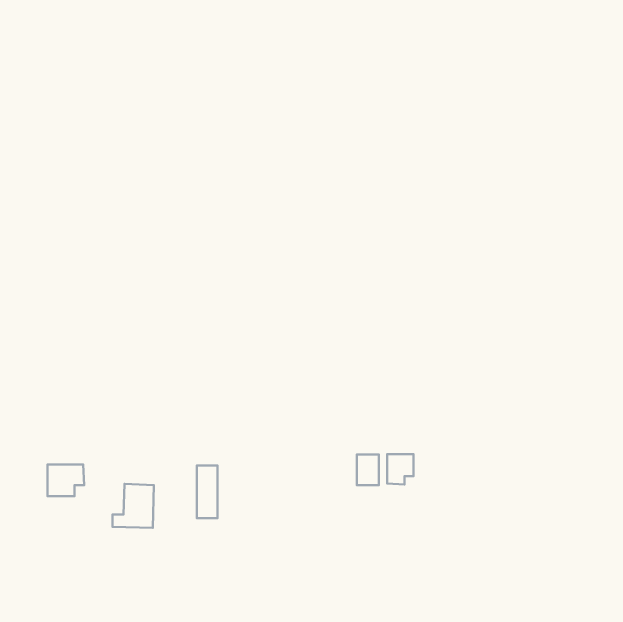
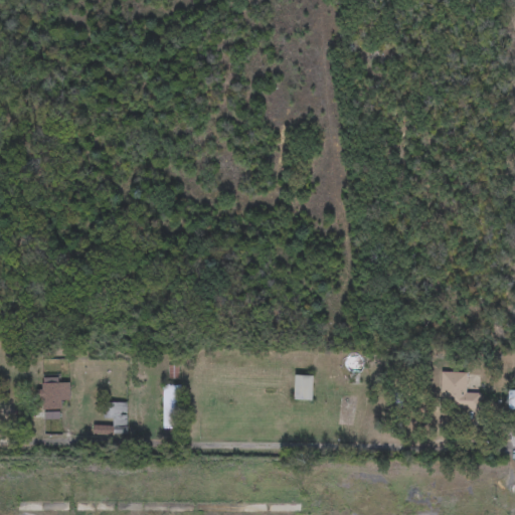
building: none -> [442,371,482,409]
building: [387,454,414,484] -> none

